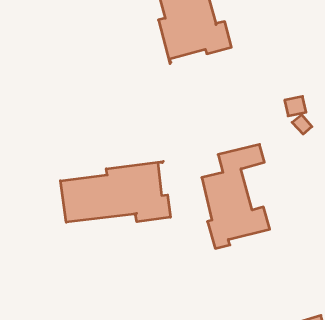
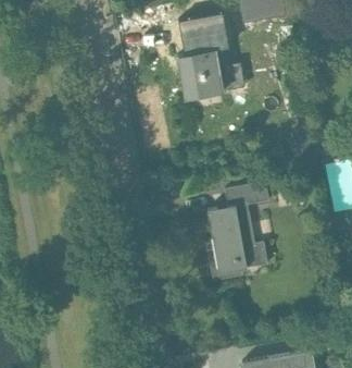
building: [60,161,170,222] -> none

